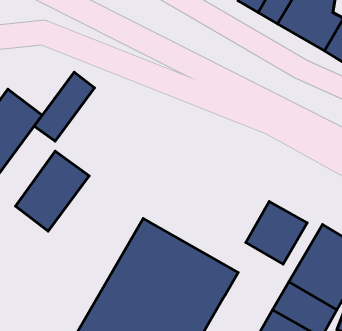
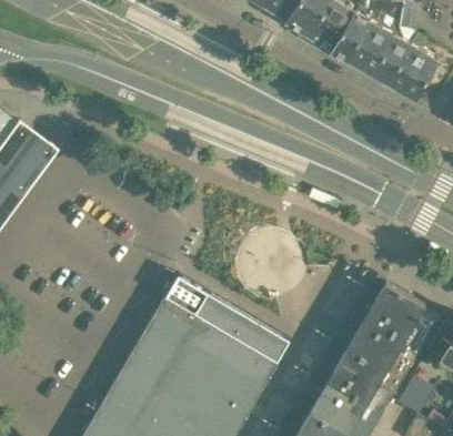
building: [34,72,94,141] -> none
building: [15,151,89,231] -> none
building: [246,202,307,264] -> none

